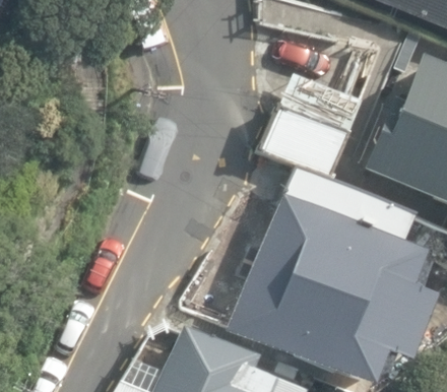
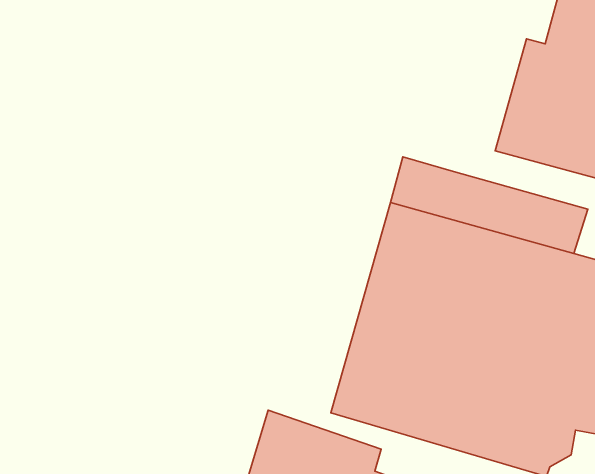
building: [263,68,366,177] -> none

